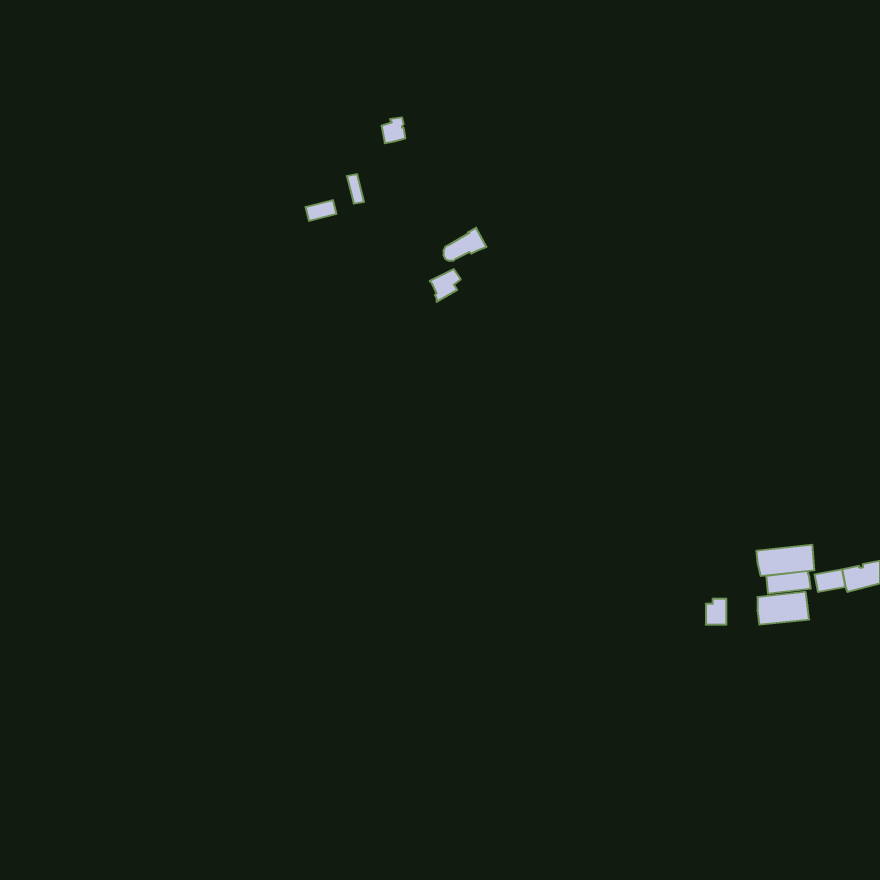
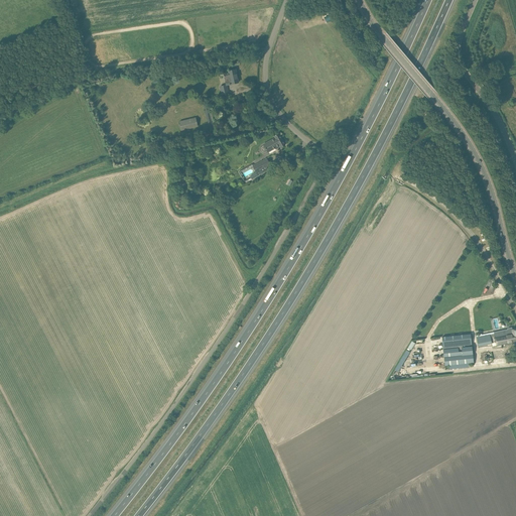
building: [757,545,814,576] -> none

